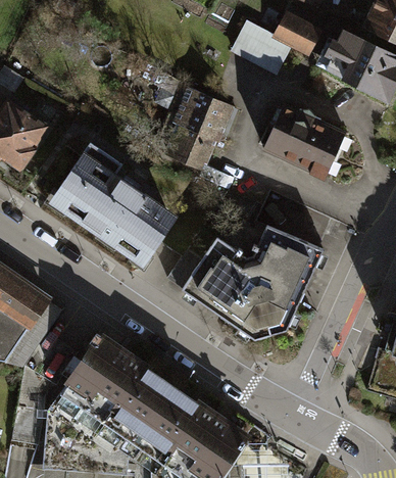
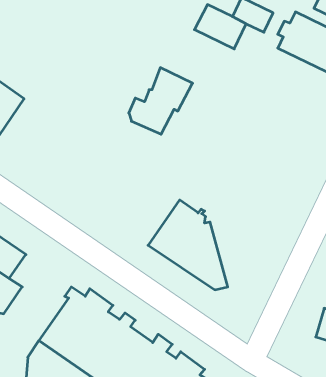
building: [262,104,345,177] -> none
building: [56,144,170,256] -> none
building: [250,225,323,335] -> none

